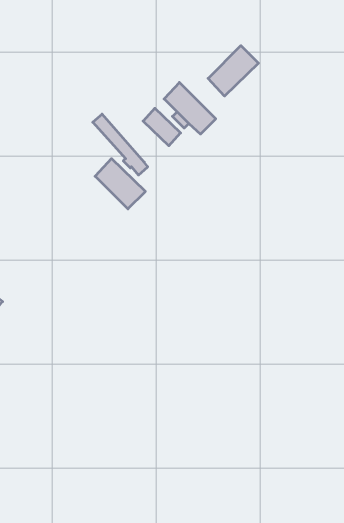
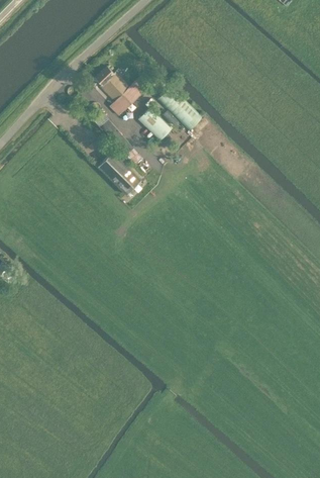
building: [208,46,258,96] -> none
building: none -> [95,68,148,117]

